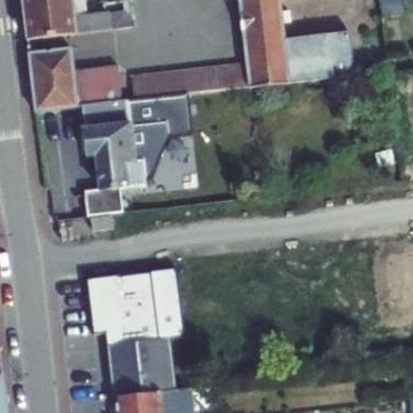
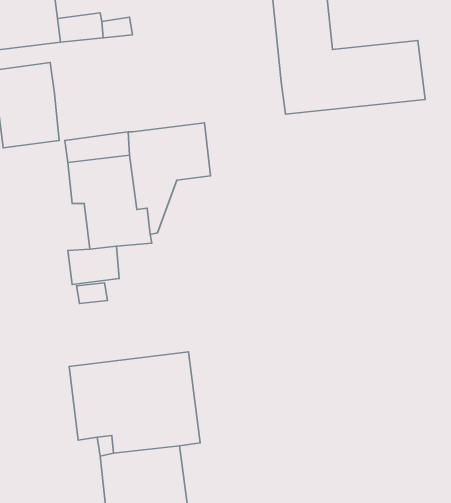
building: [129,62,248,100] -> none
building: [73,66,121,107] -> none

